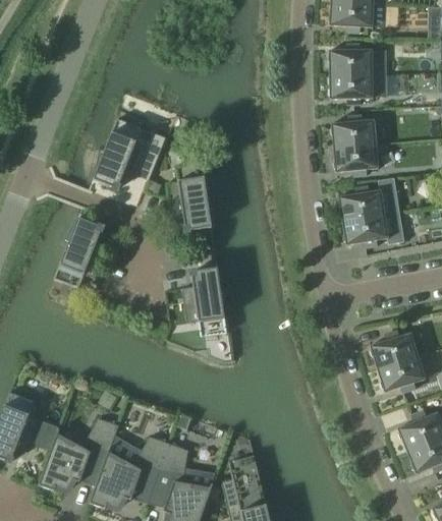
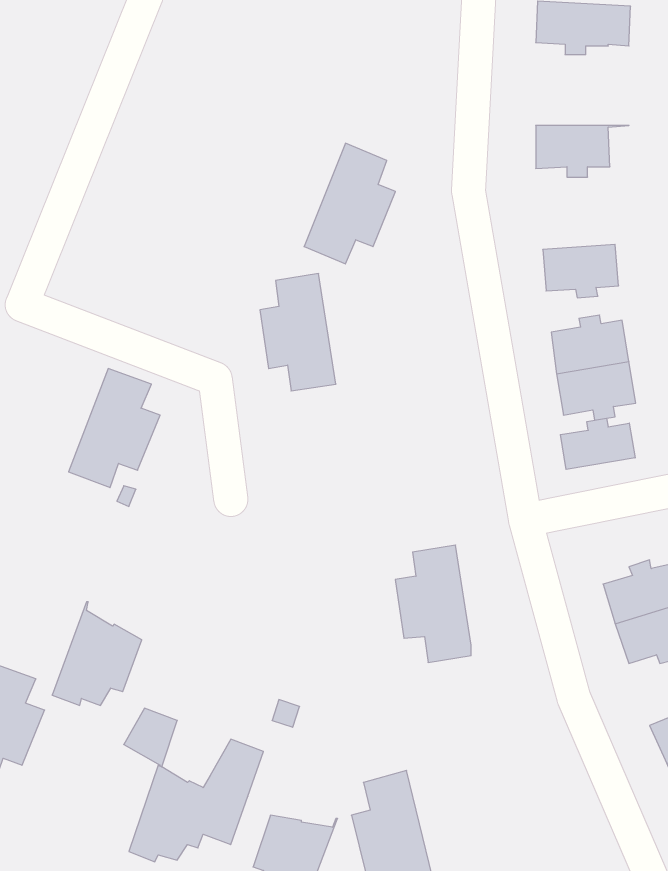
building: [330,44,386,74] -> none
building: [332,115,378,148] -> none
building: [94,118,148,189] -> [304,143,395,264]
building: none -> [560,418,635,469]
building: [182,268,227,337] -> [395,545,471,662]
building: [39,429,92,490] -> [52,602,142,705]
building: [161,444,189,474] -> none

